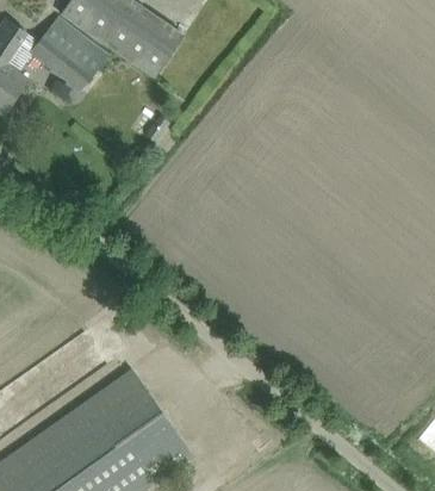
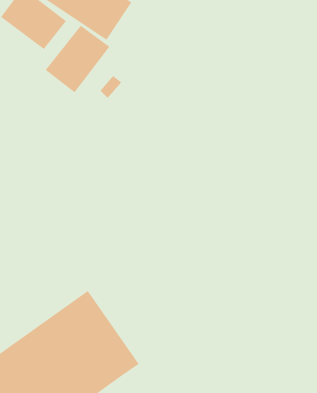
building: none -> [45,25,110,93]

